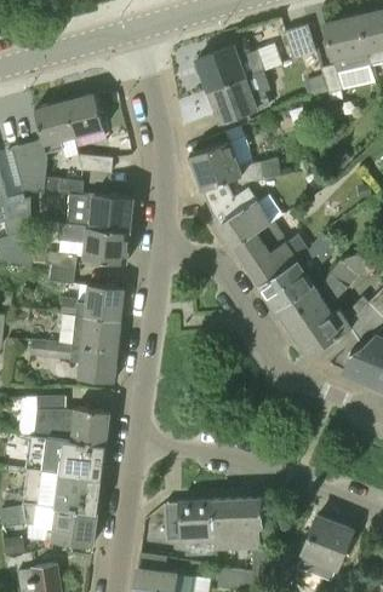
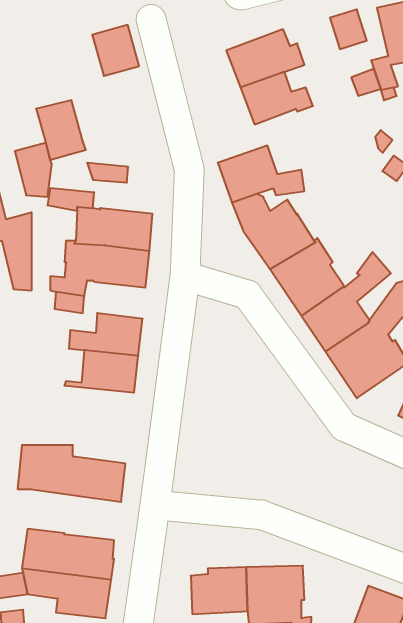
building: [63,93,103,137] -> [92,25,139,76]
building: [29,339,116,381] -> none
building: [24,433,105,477] -> none

